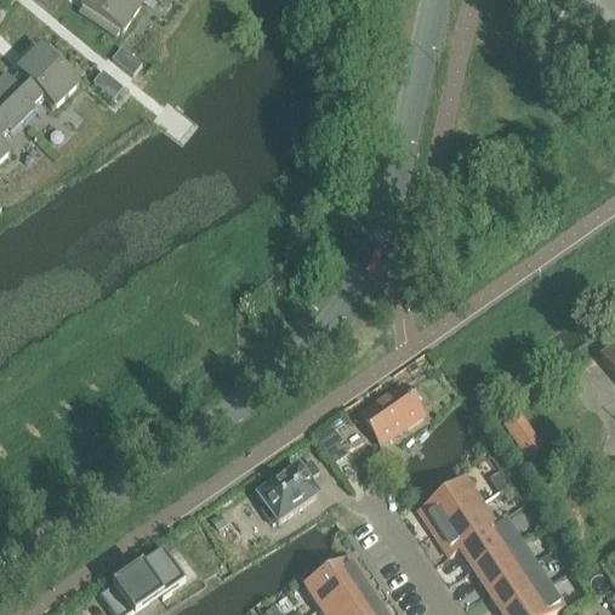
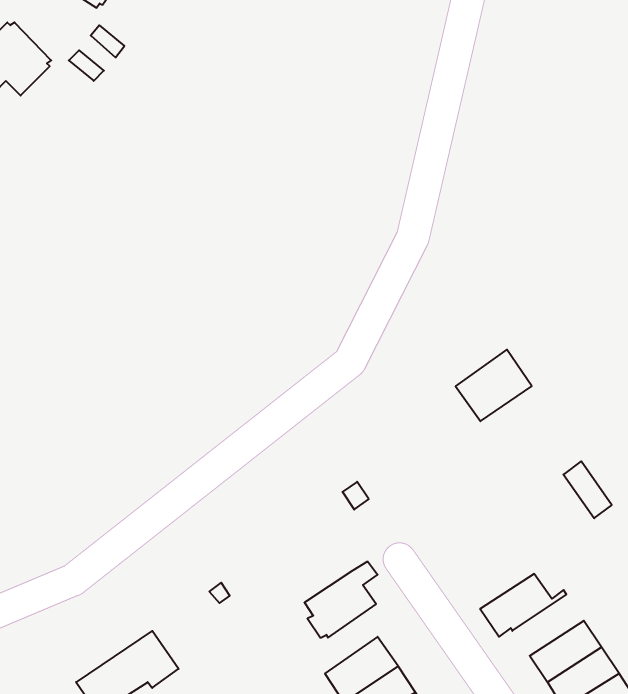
building: [359,382,422,442] -> [456,350,532,421]
building: [258,459,319,522] -> [304,562,378,638]
building: [420,479,479,531] -> none
building: [461,519,520,570] -> none

